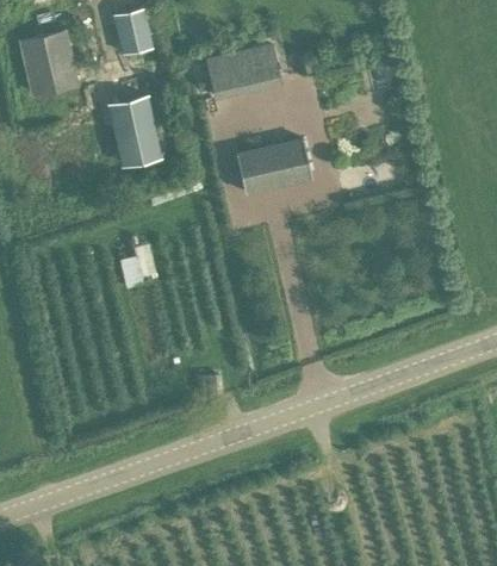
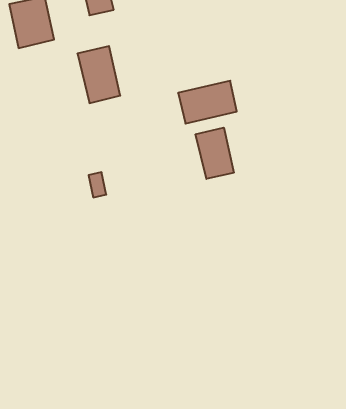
building: [206,44,282,99] -> none
building: none -> [196,128,234,179]

